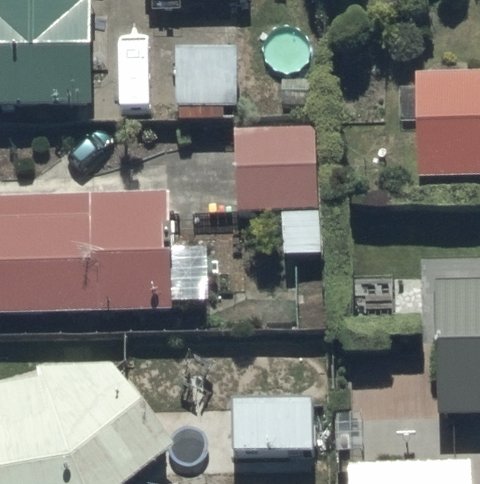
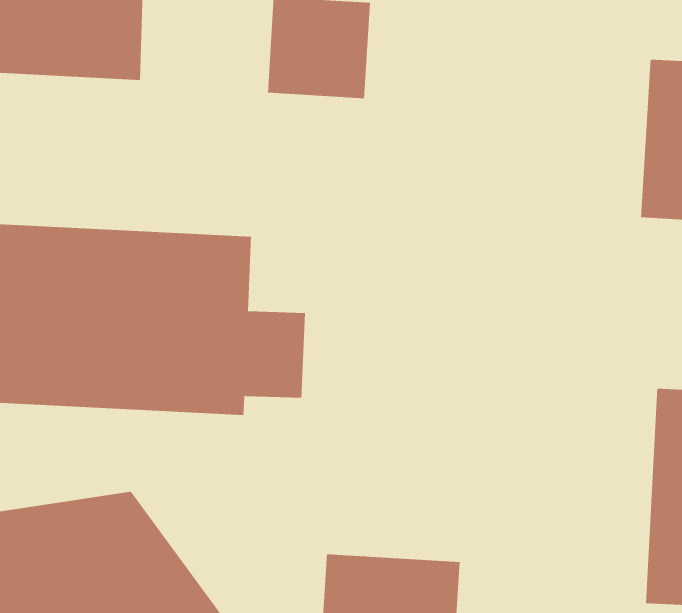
building: [233,122,319,255] -> none

